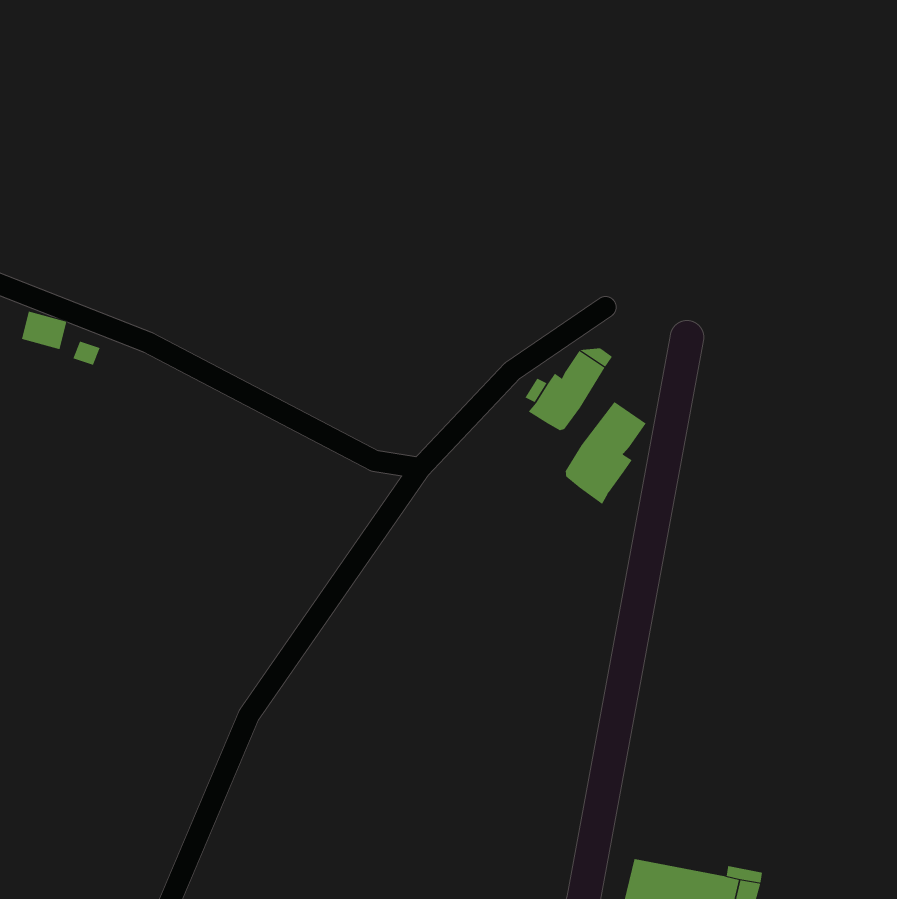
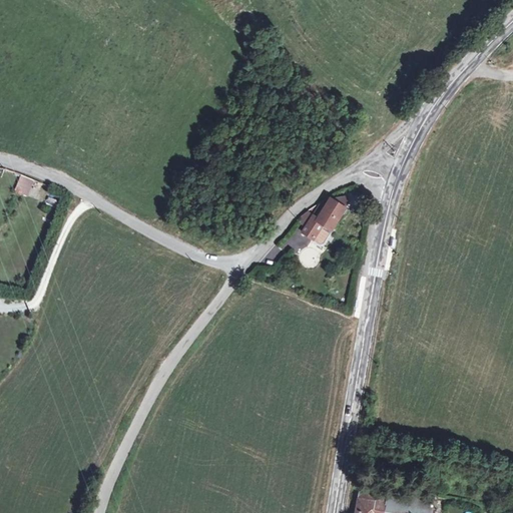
building: [565,401,646,505] -> none

